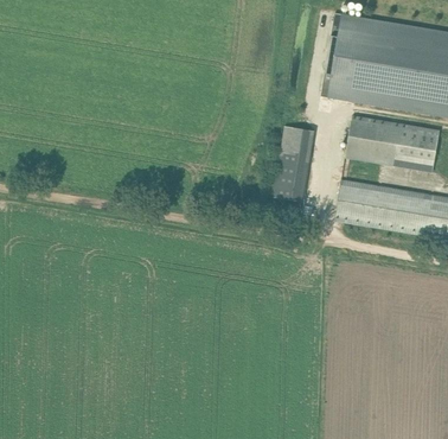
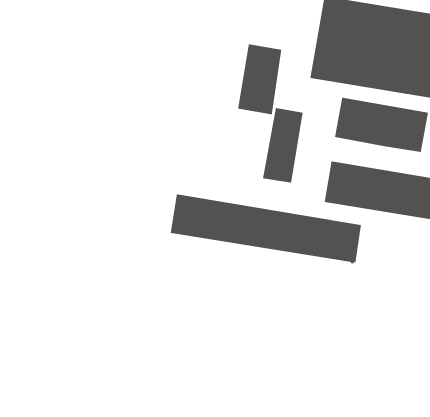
building: none -> [238,43,282,115]
building: none -> [170,194,362,264]

